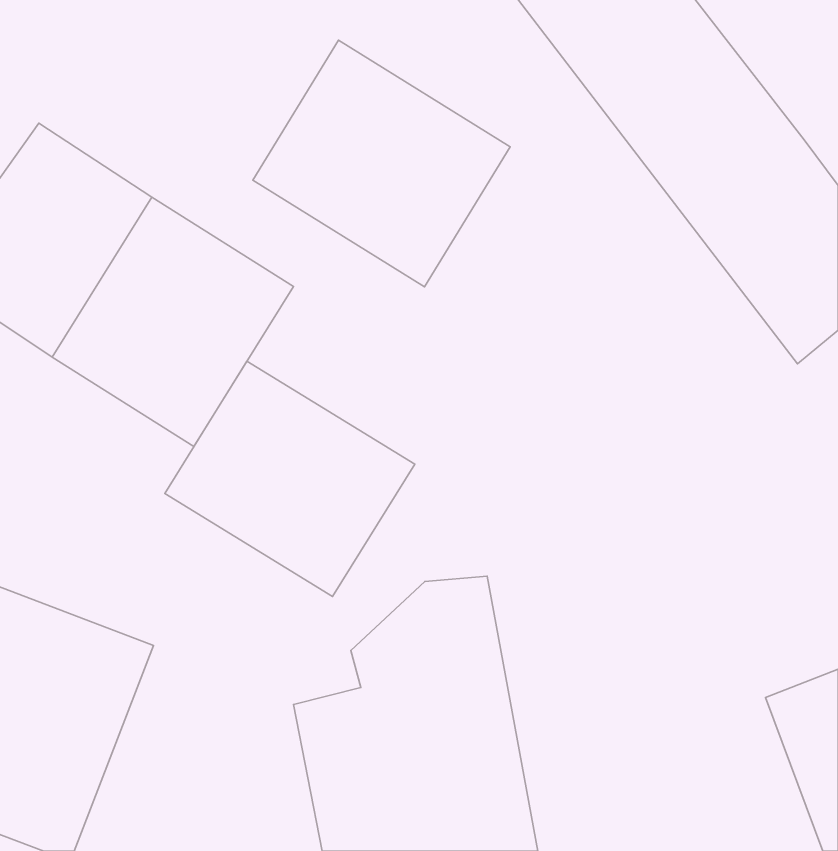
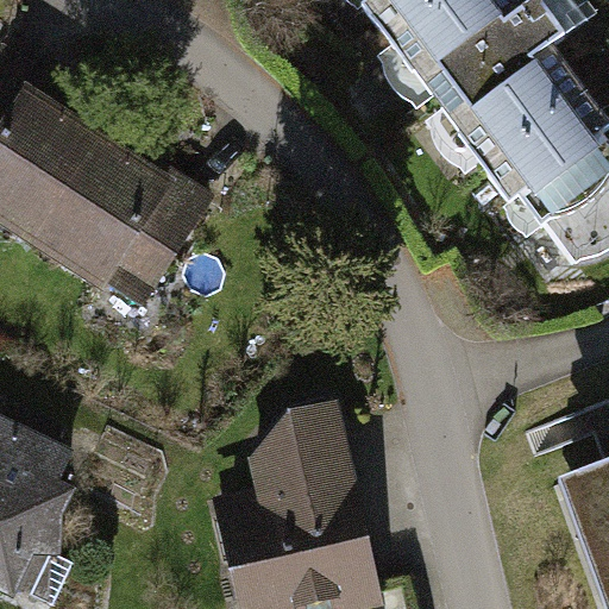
building: [253,40,510,287] -> none
building: [165,361,415,596] -> none

